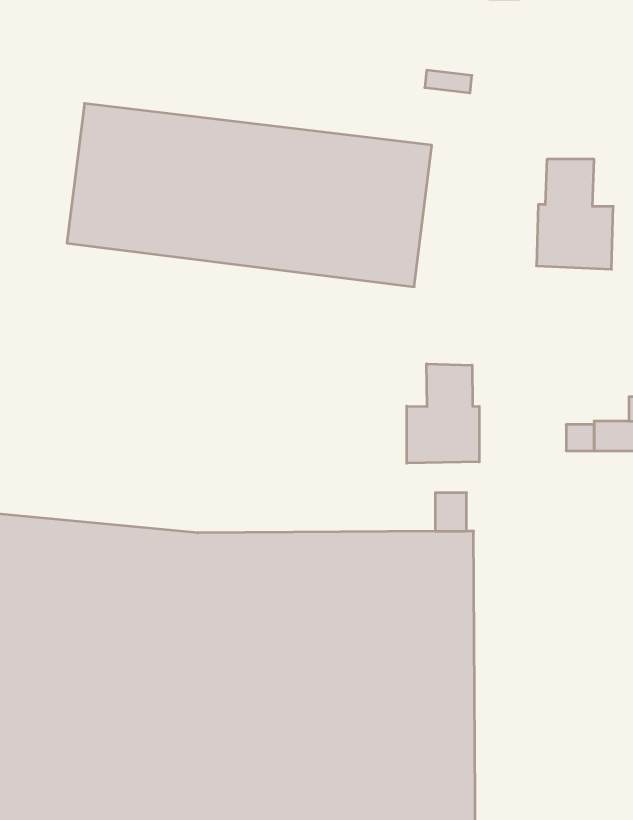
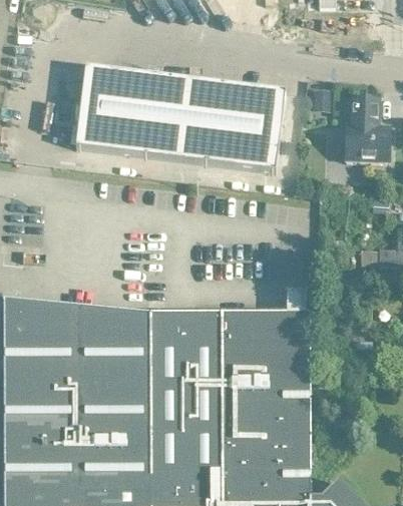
building: [407,364,479,463] -> none

